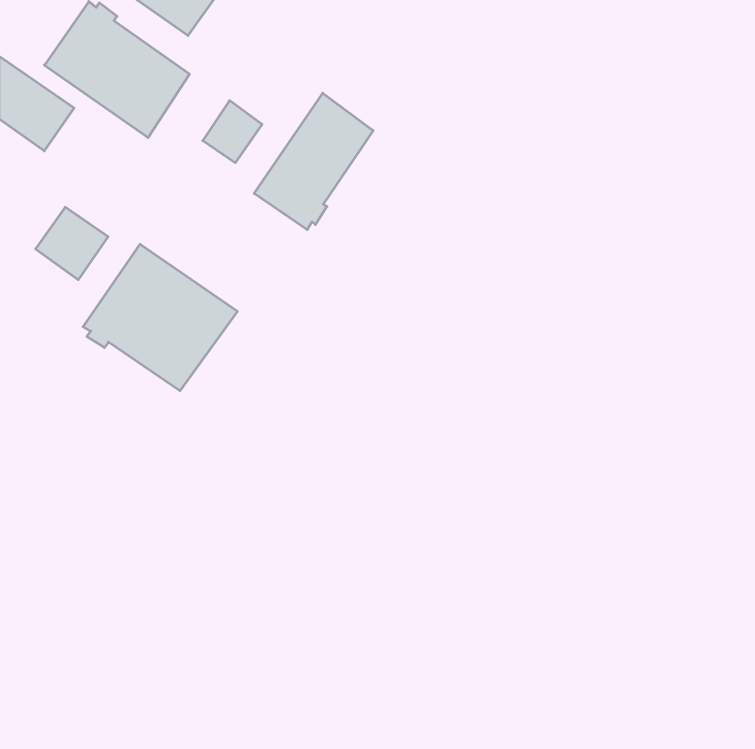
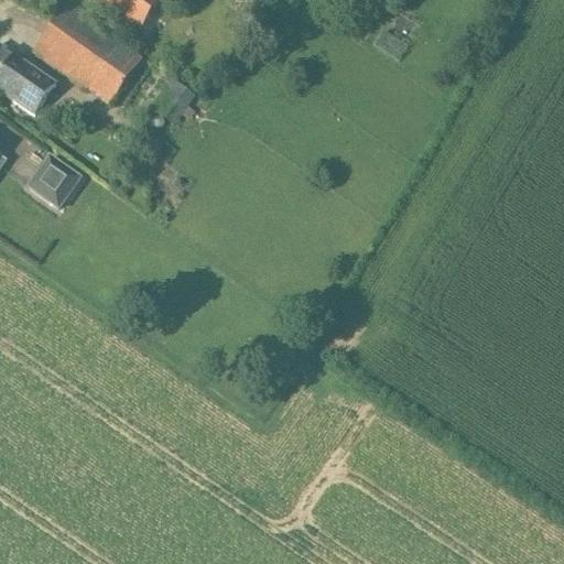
building: [254,93,373,230] -> none
building: [83,244,237,391] -> none

